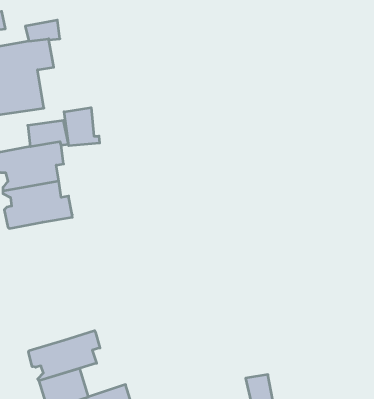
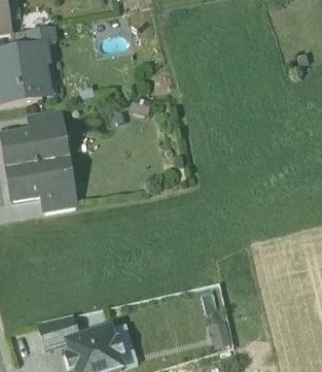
building: [64,108,100,146] -> none
building: none -> [41,185,75,210]
building: [29,331,100,381] -> none

